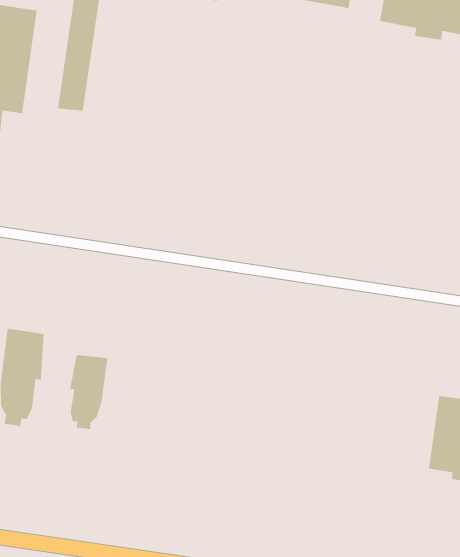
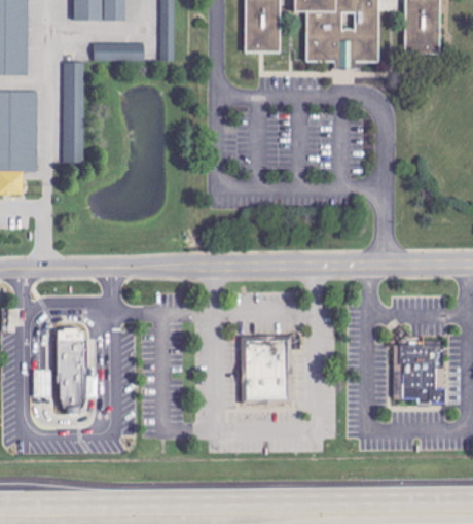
building: [69,354,108,430] -> none
building: none -> [238,333,289,403]

